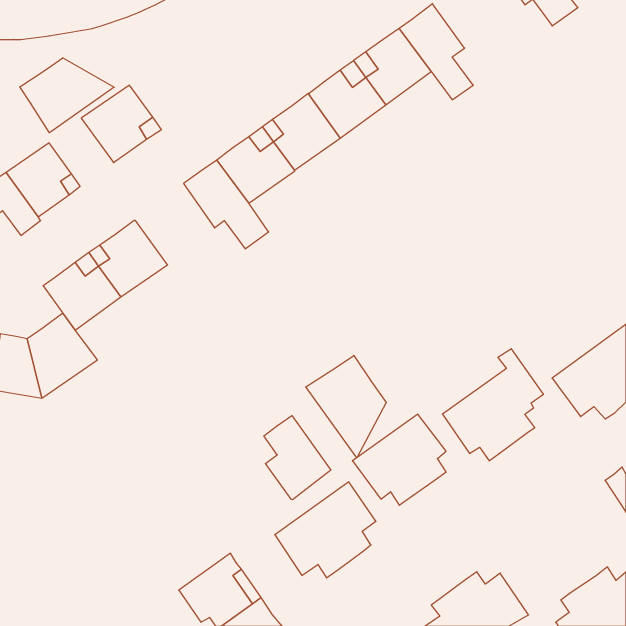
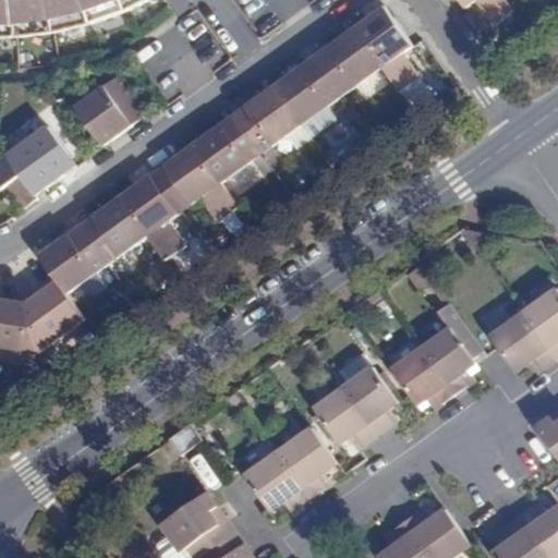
building: [20,58,114,133] -> none
building: none -> [120,173,182,258]
building: [306,355,386,458] -> none
building: [264,416,331,500] -> none

